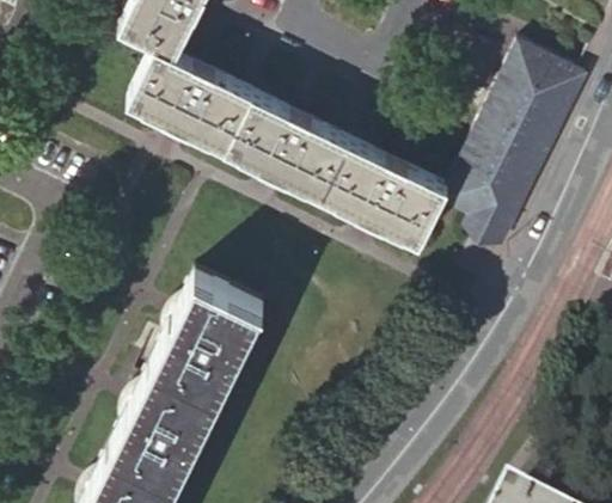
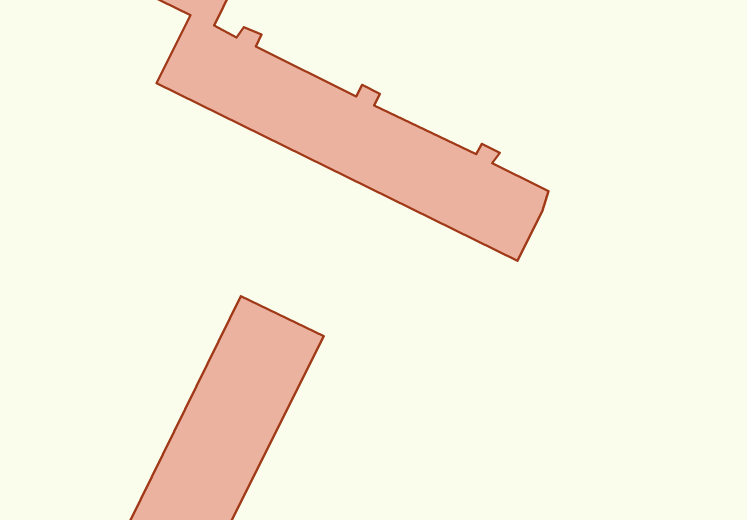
building: [445,43,589,235] -> none

